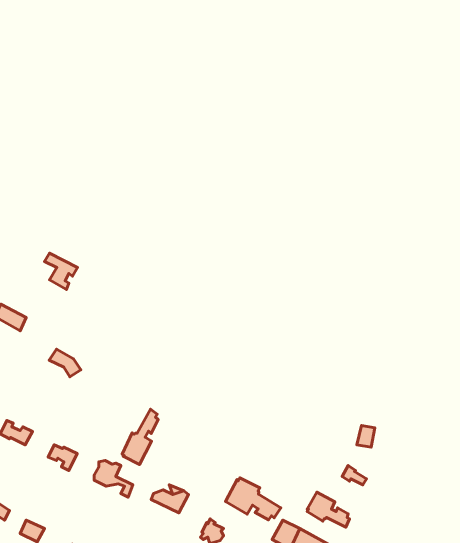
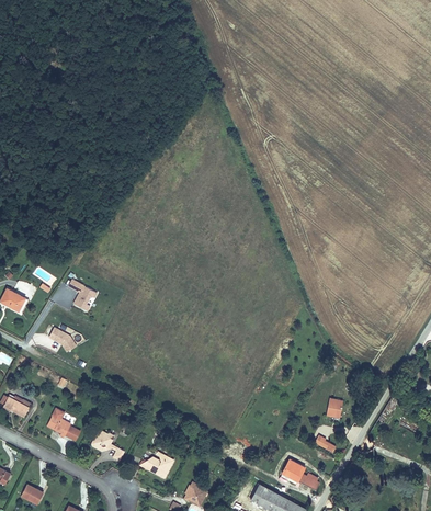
building: [45,253,77,289] -> [68,281,98,314]
building: [122,409,158,464] -> none
building: [226,478,281,520] -> none

